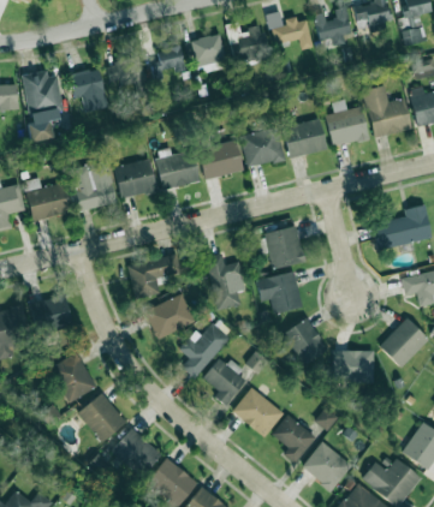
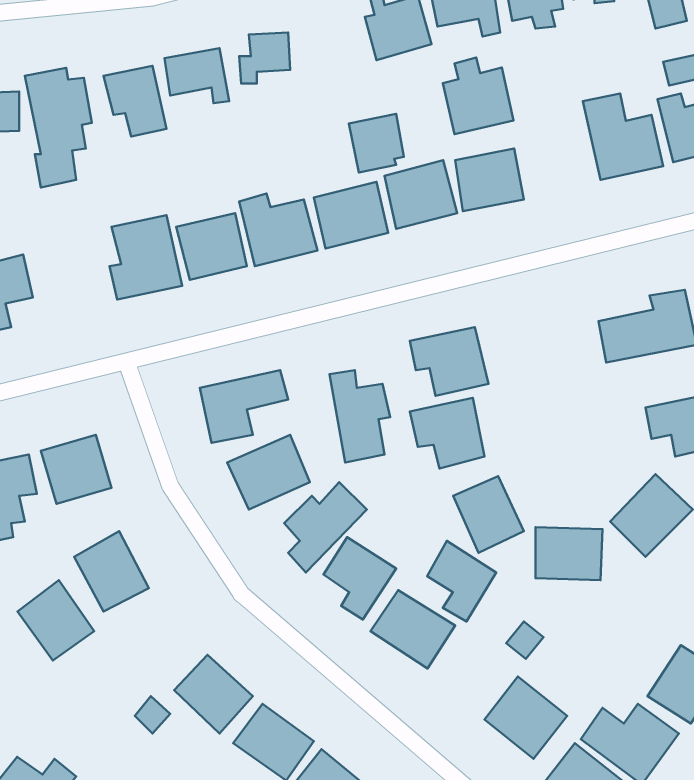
building: [191,34,225,70] -> [349,114,404,173]
building: [325,100,368,147] -> [443,58,514,134]
building: [25,179,71,220] -> none
building: [78,393,125,442] -> [18,580,94,661]
building: [273,416,315,465] -> [427,541,496,621]

